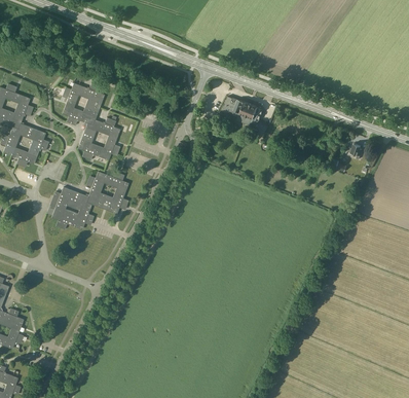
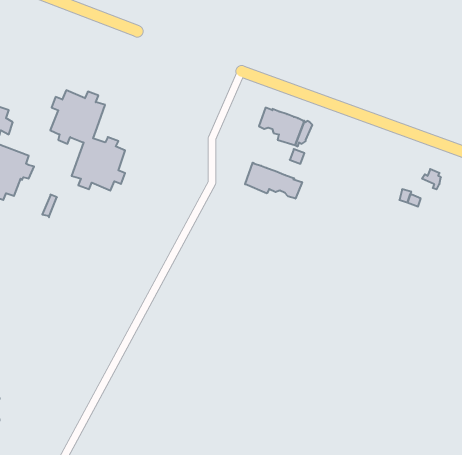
building: none -> [245,163,302,199]
building: [47,171,128,229] -> none

